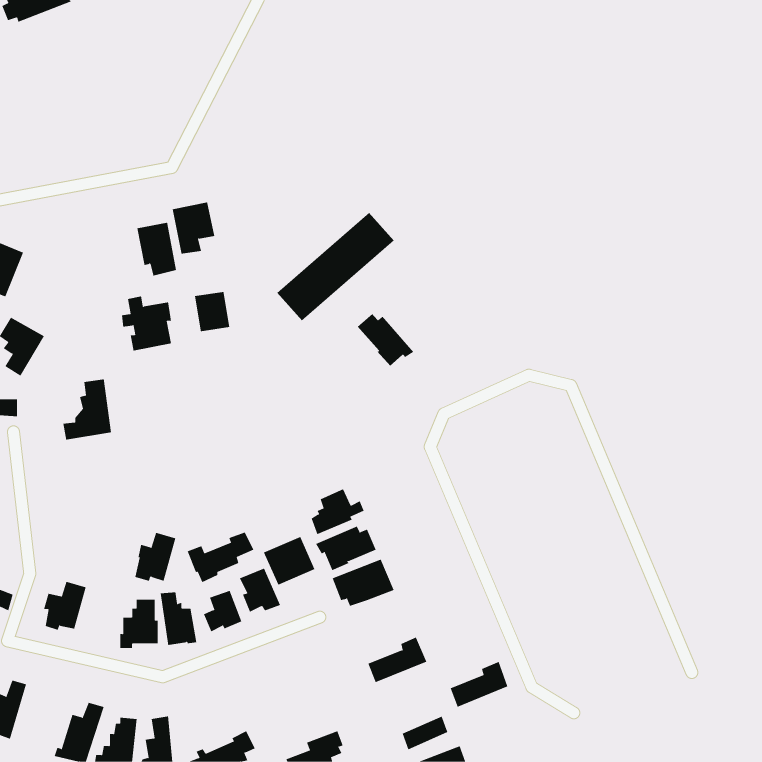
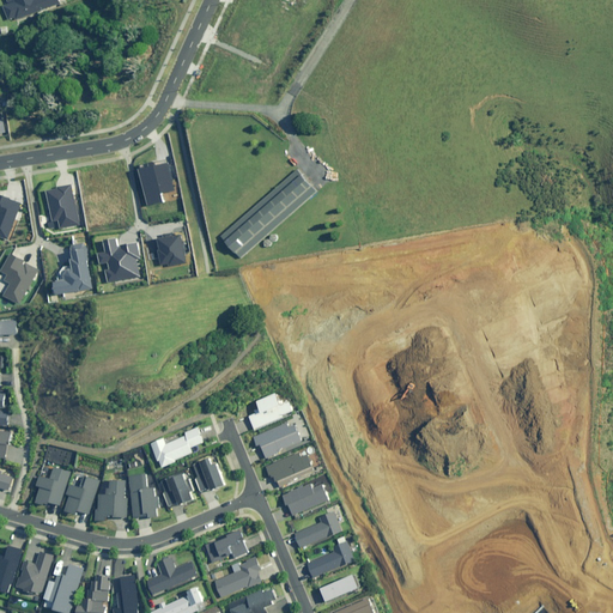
building: [136,222,177,276] -> [45,184,78,227]
building: [357,313,414,367] -> none
building: [63,379,112,440] -> [51,244,91,293]
building: [134,532,176,582] -> [65,474,98,514]
building: [263,536,315,585] -> none
building: none -> [283,482,329,515]
building: none -> [206,529,249,563]
building: [450,661,508,708] -> [308,540,354,577]
building: none -> [16,551,54,594]
building: none -> [147,556,200,594]
building: none -> [216,557,263,596]

